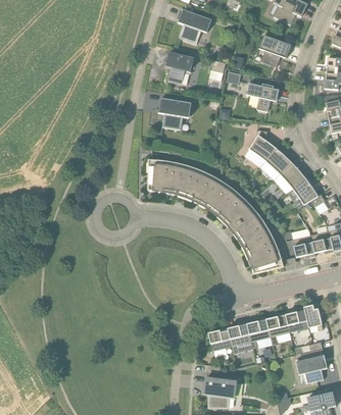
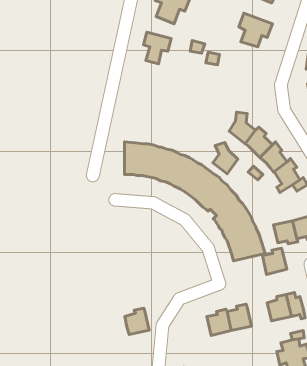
building: [246,83,279,112] -> none
building: [158,98,191,129] -> none
building: none -> [213,143,238,174]
building: [266,312,290,338] -> [262,248,287,275]
building: [208,325,232,351] -> [125,308,149,334]

